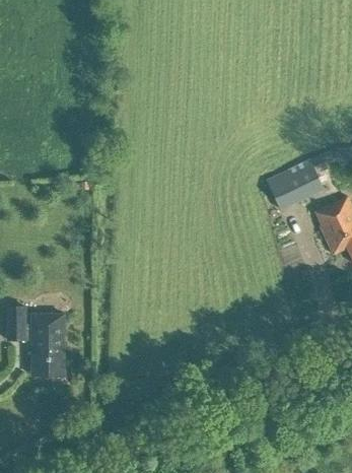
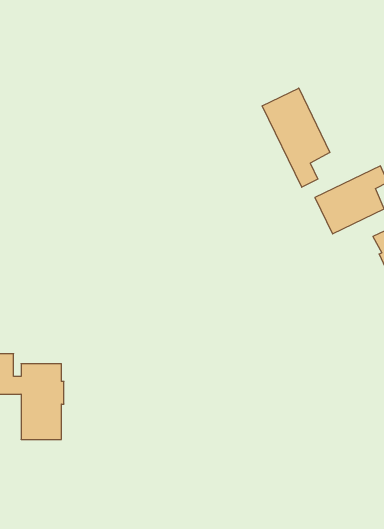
building: none -> [262,88,330,187]

